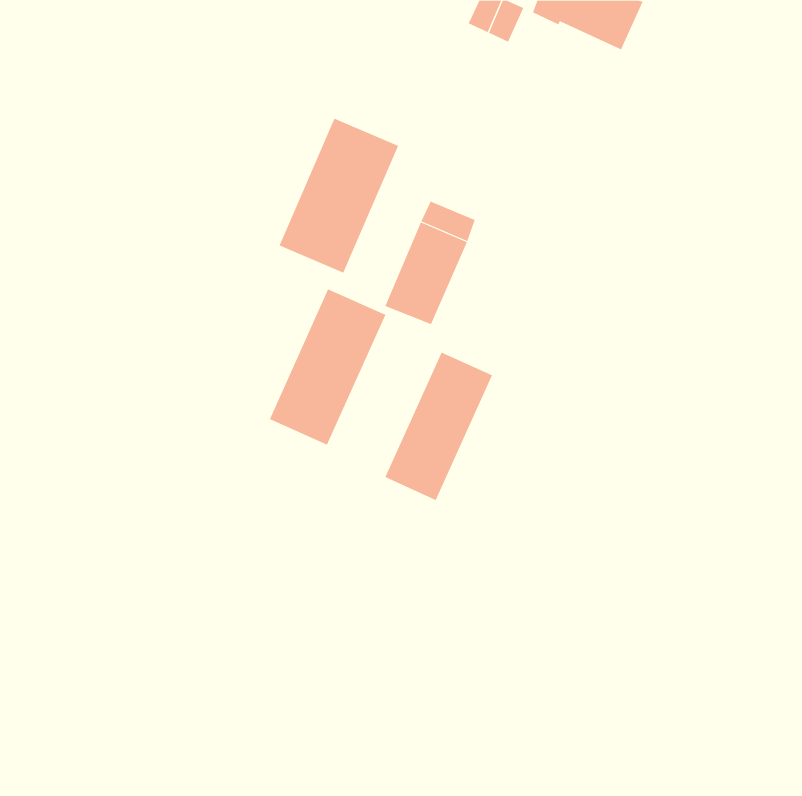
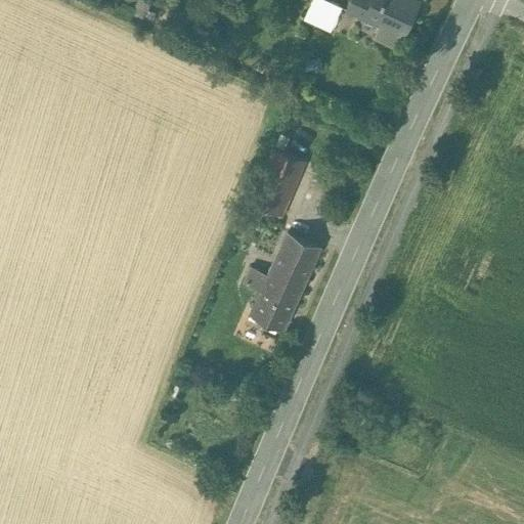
building: [279,118,399,274] -> none
building: [269,289,386,445] -> none

